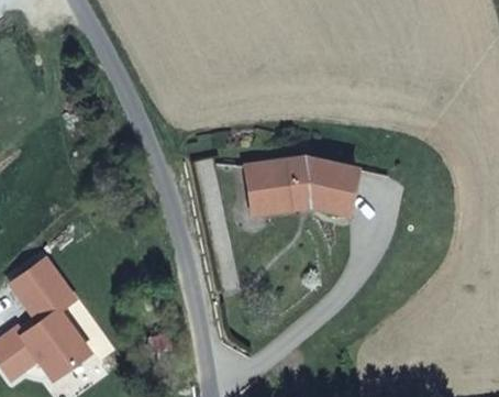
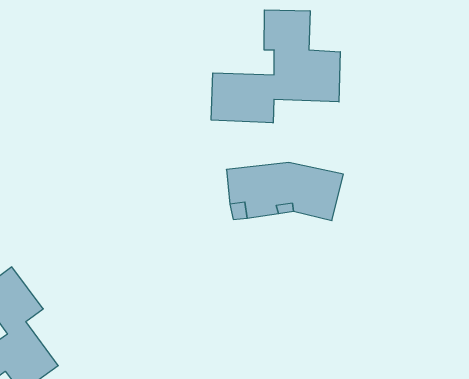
building: none -> [211,10,340,123]

